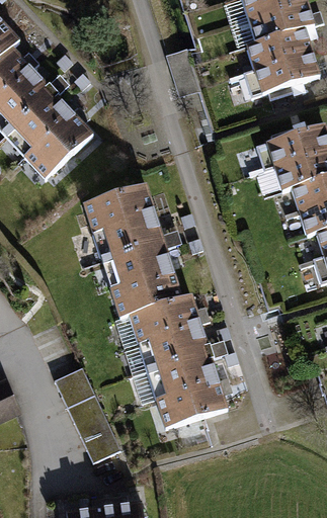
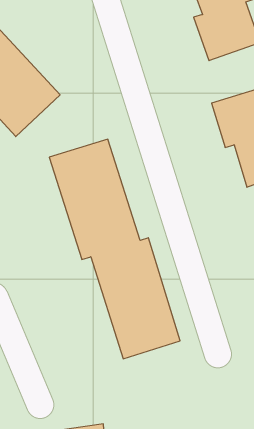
building: [53,366,120,462] -> none

